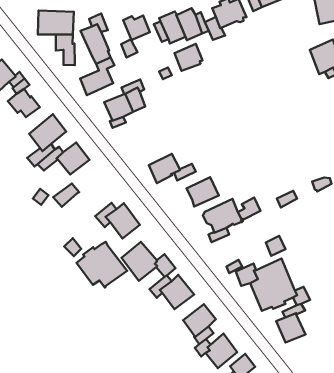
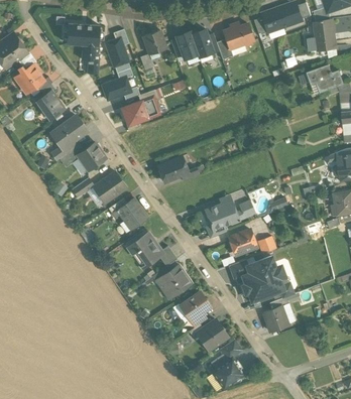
building: [175,44,202,71] -> none
building: none -> [92,172,126,203]
building: [186,177,219,206] -> none
building: none -> [227,229,255,253]
building: [77,242,127,288] -> none

